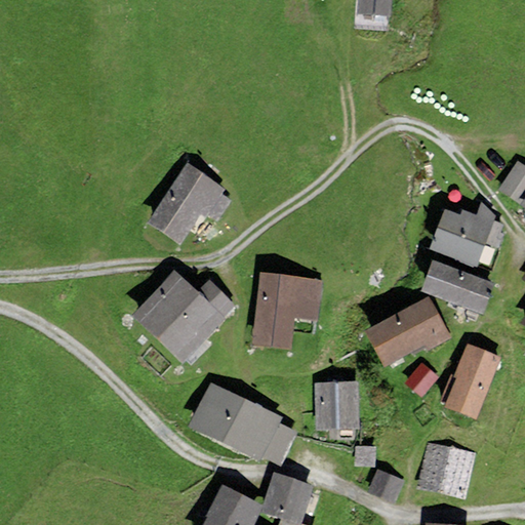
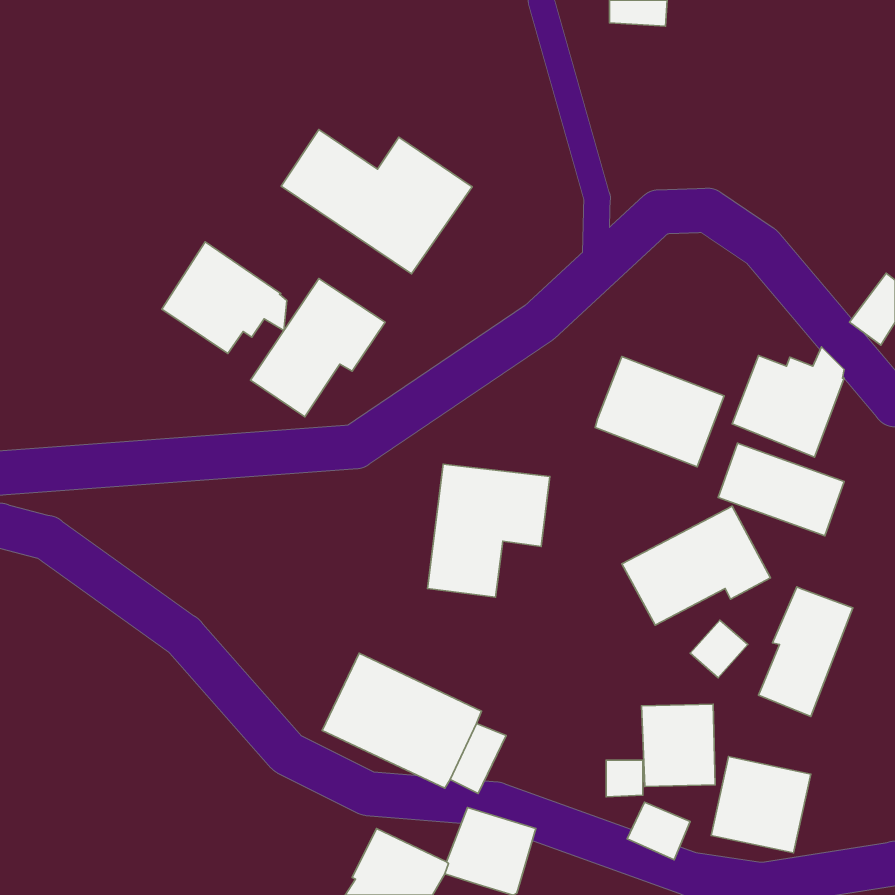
building: none -> [281,130,472,274]
building: none -> [162,242,287,354]
building: none -> [595,357,724,467]
building: [130,268,236,362] -> none
building: [315,381,358,430] -> [641,704,715,786]

